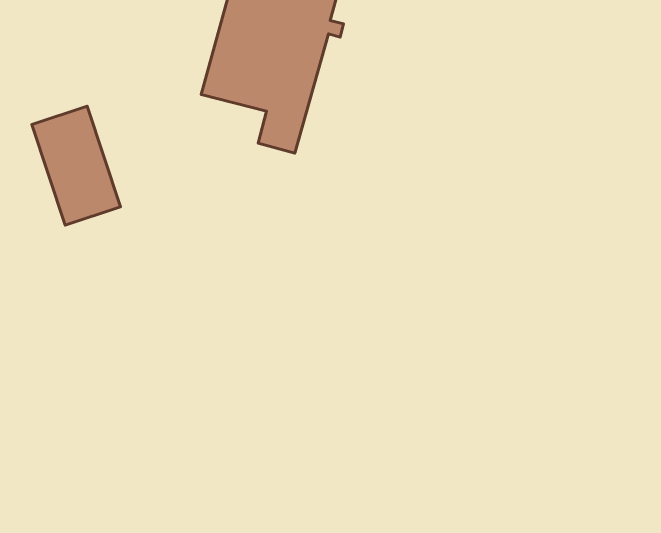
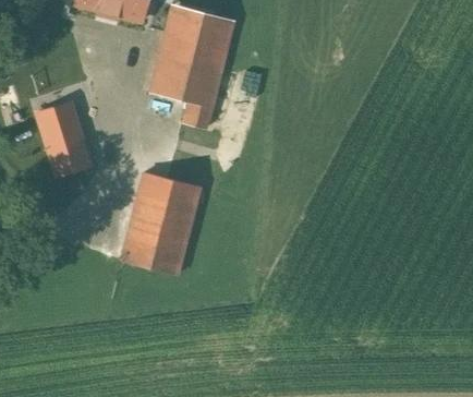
building: none -> [124,173,201,274]

